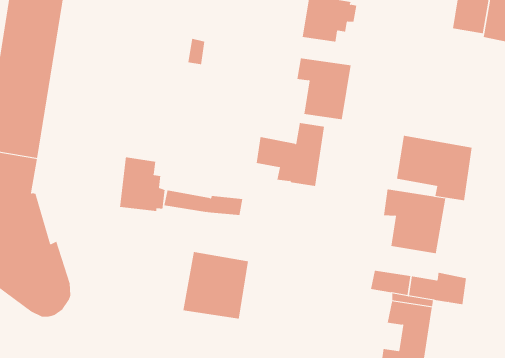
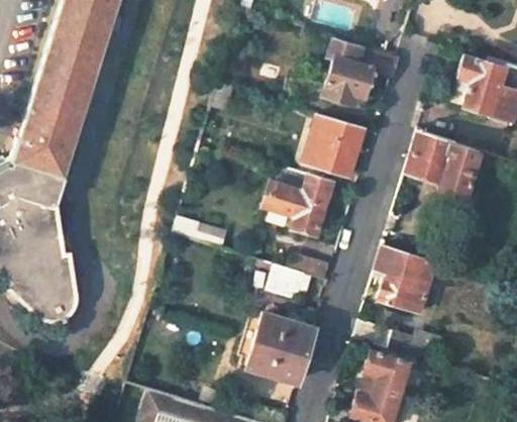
building: [396,135,473,201] -> [406,131,481,200]
building: [119,157,165,212] -> none
building: none -> [268,263,305,298]
building: [183,251,249,319] -> [247,313,315,382]

